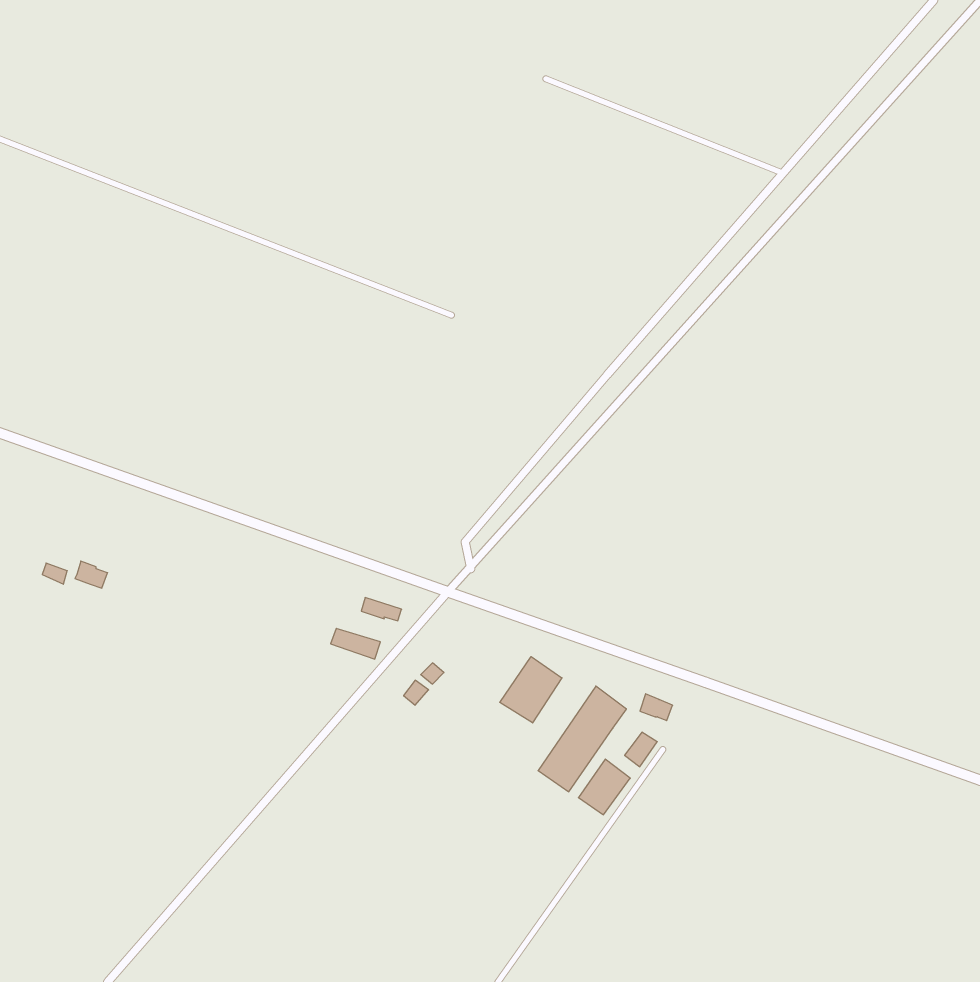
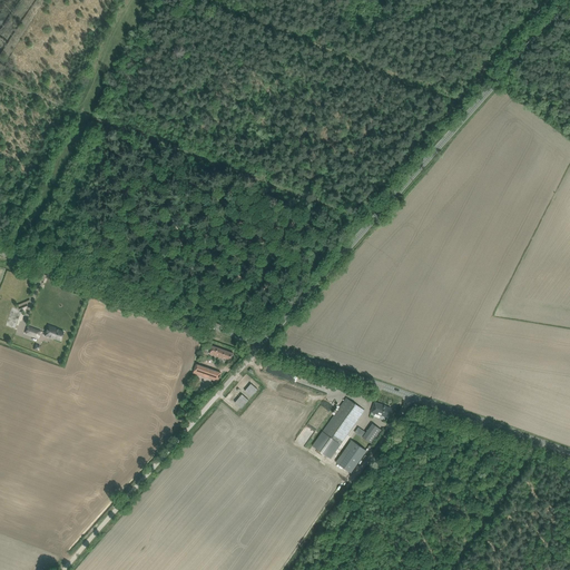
building: [500,657,562,723] -> none

